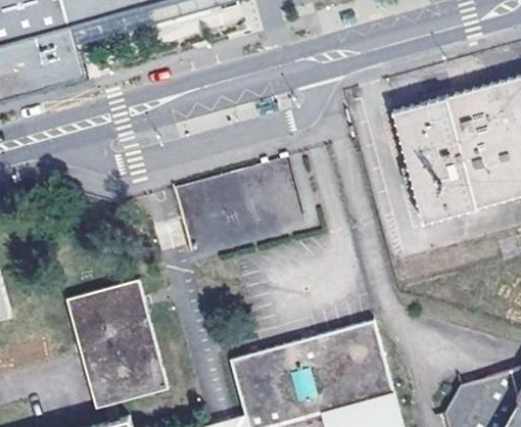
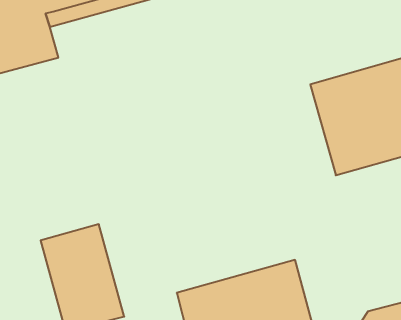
building: [174,157,305,254] -> none

